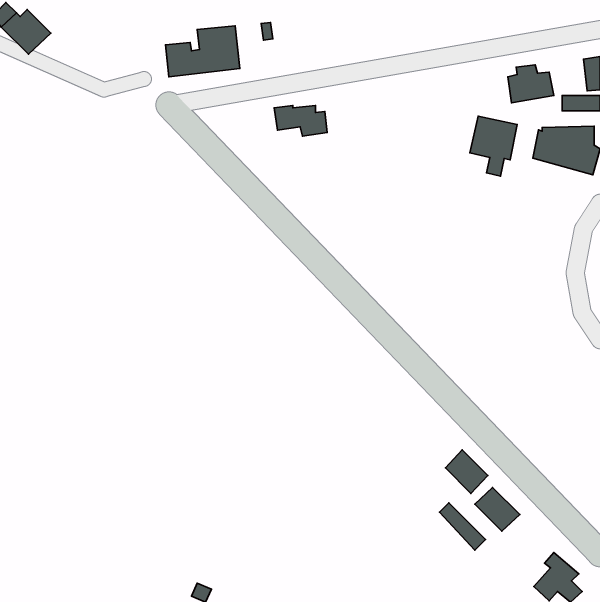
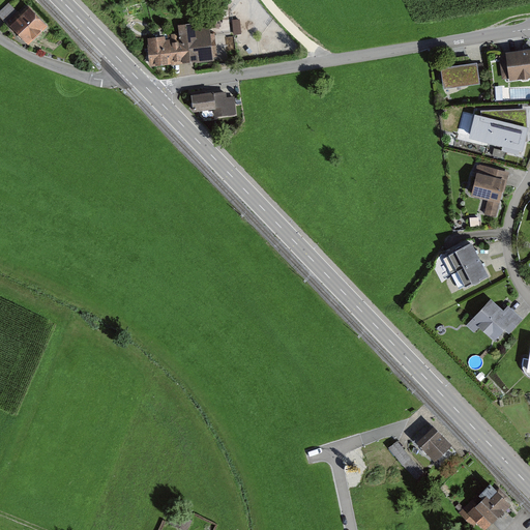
building: [274,106,327,136] -> [189,91,236,118]
building: [470,116,517,176] -> [470,165,511,217]
building: none -> [445,244,487,290]
building: none -> [463,298,520,341]
building: [445,450,488,493] -> none

